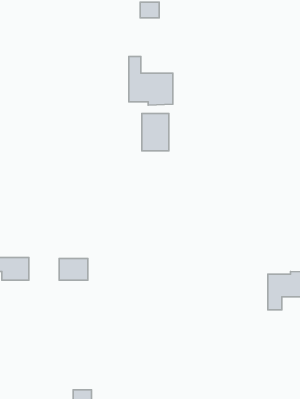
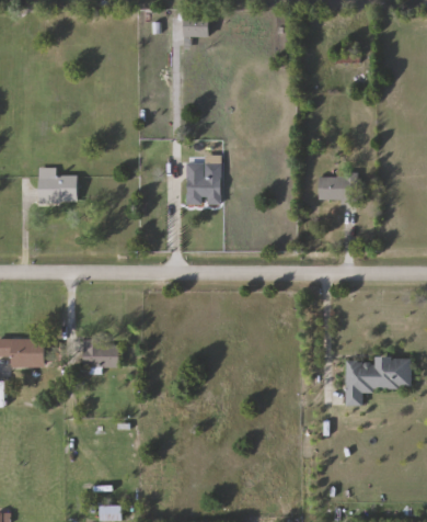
building: [129,56,173,105] -> none
building: none -> [37,168,76,203]
building: none -> [319,177,356,201]

